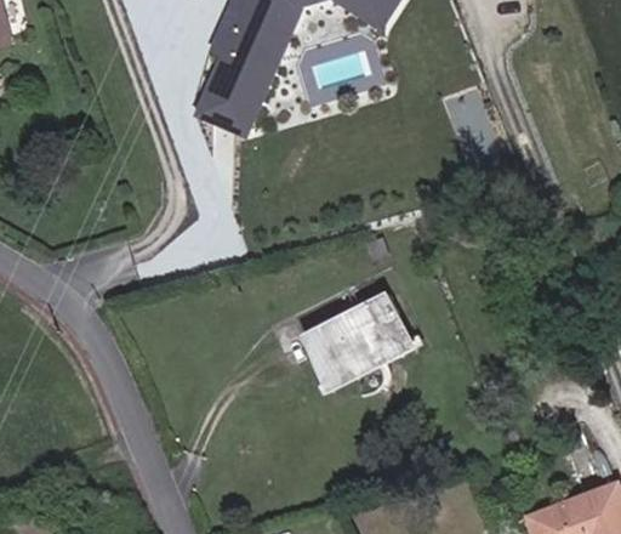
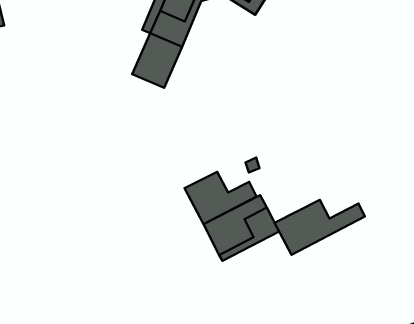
building: none -> [184,172,256,224]
building: none -> [275,200,365,255]

